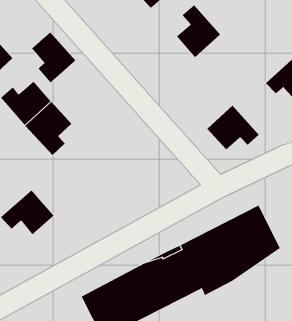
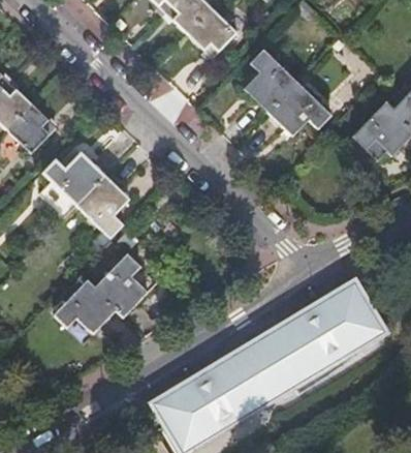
building: [31,31,76,83] -> none
building: [206,105,260,150] -> [268,82,331,135]
building: none -> [94,254,147,318]

